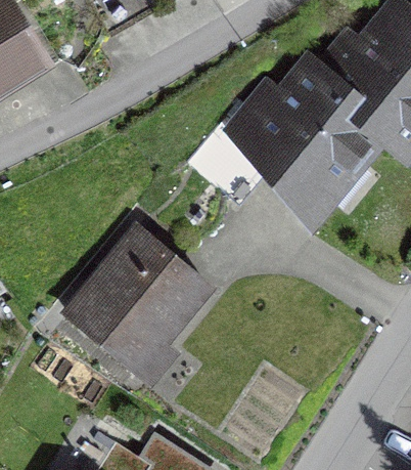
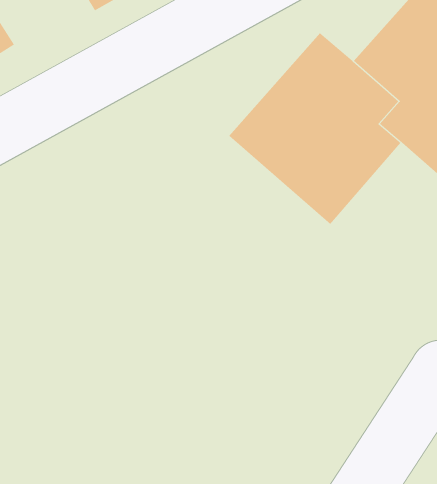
building: [67,223,209,367] -> none

